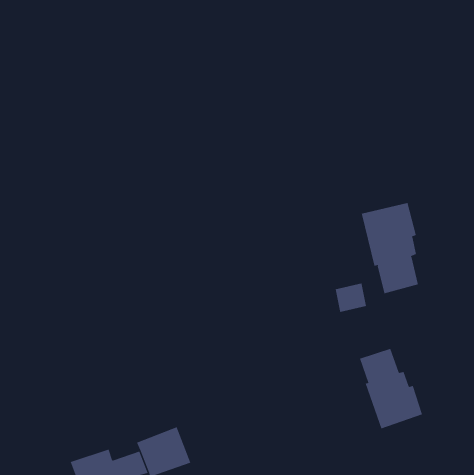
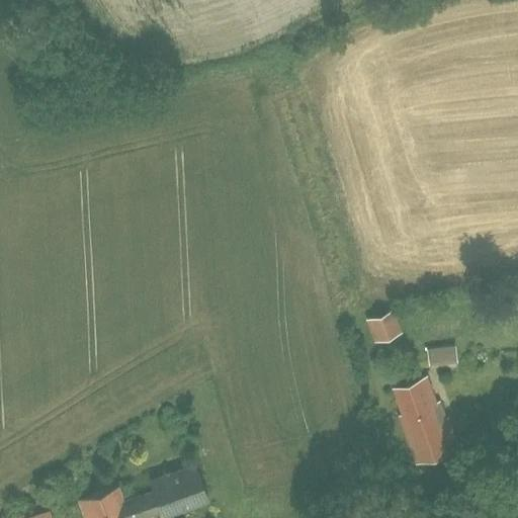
building: [361,202,419,294] -> none
building: none -> [426,346,457,366]

